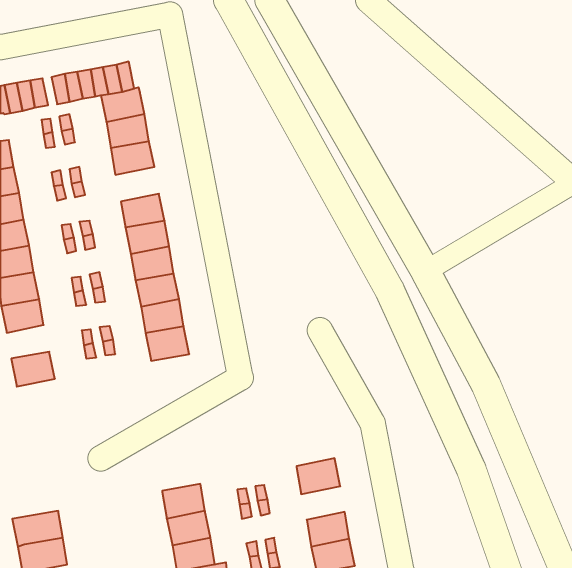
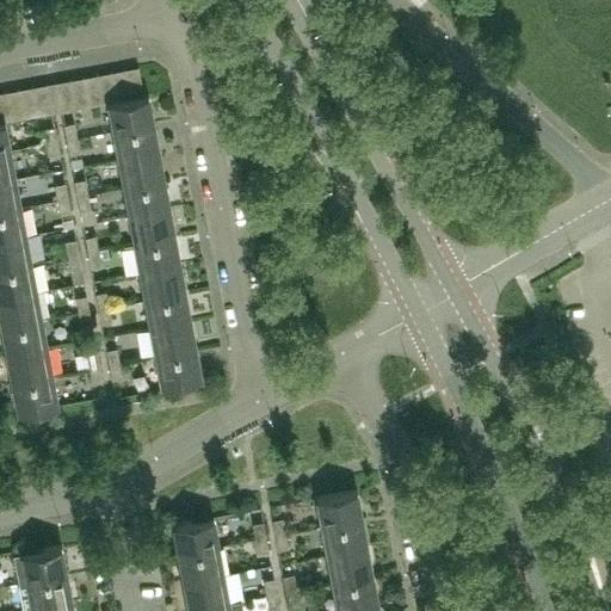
building: none -> [123,183,169,220]
building: none -> [7,351,53,387]
building: none -> [321,523,368,558]

